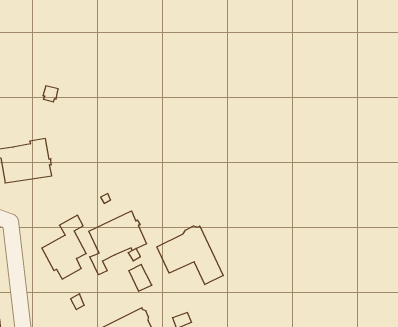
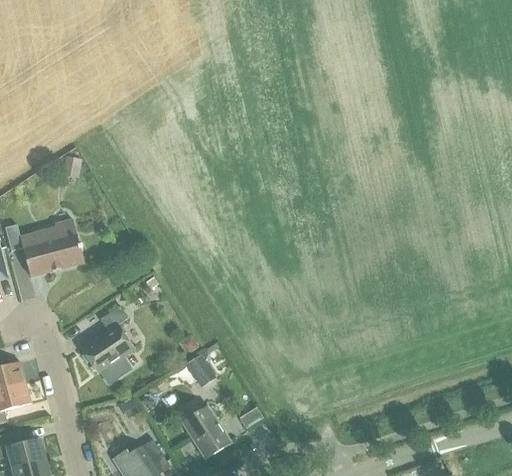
building: [89,211,146,275] -> none
building: [157,226,223,285] -> none

